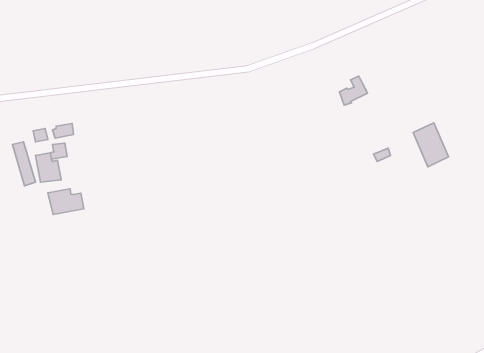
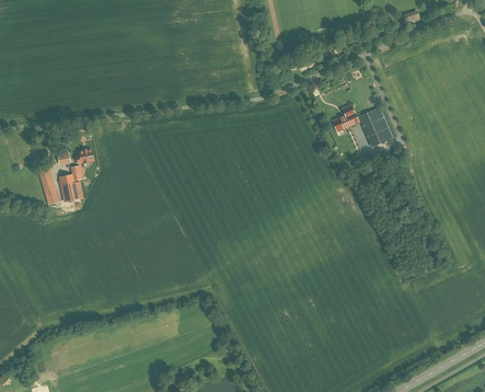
building: [413,123,449,167] -> [360,107,392,147]
building: [48,189,84,214] -> none

